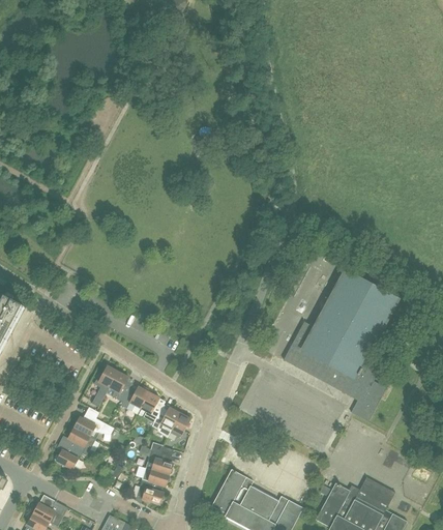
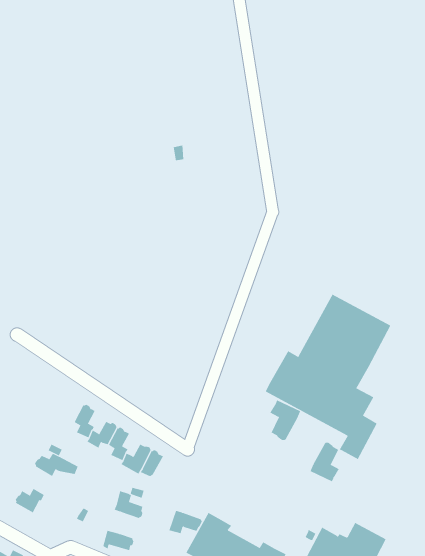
building: [91,365,117,407] -> none
building: none -> [270,399,301,441]
building: none -> [310,442,339,482]
building: [67,428,94,455] -> none
building: [139,467,170,489] -> [169,510,203,534]

